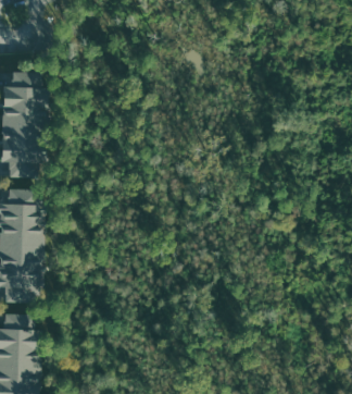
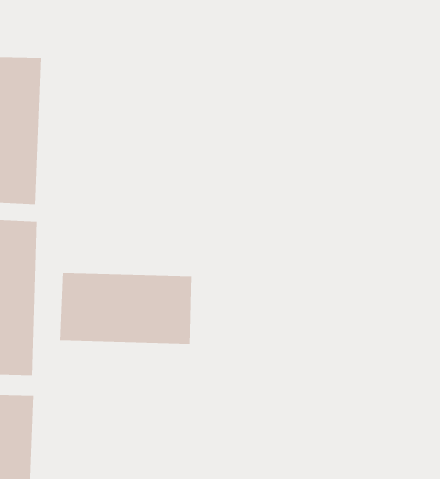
building: none -> [60,272,192,345]

